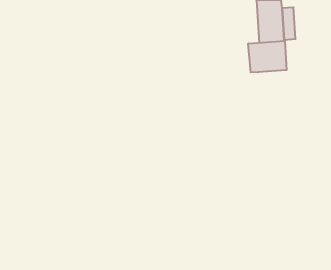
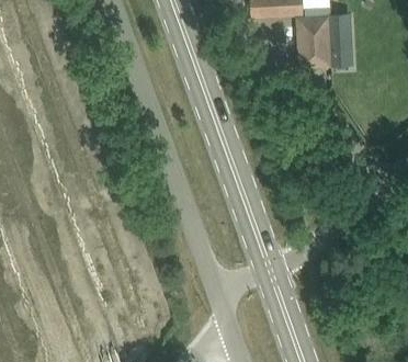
building: [248,41,287,72] -> none

